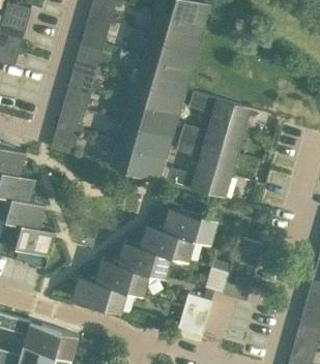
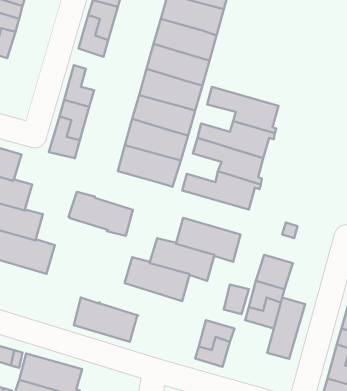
building: [72,60,98,96] -> none
building: [94,259,150,297] -> [69,192,133,236]
building: none -> [267,297,305,359]

